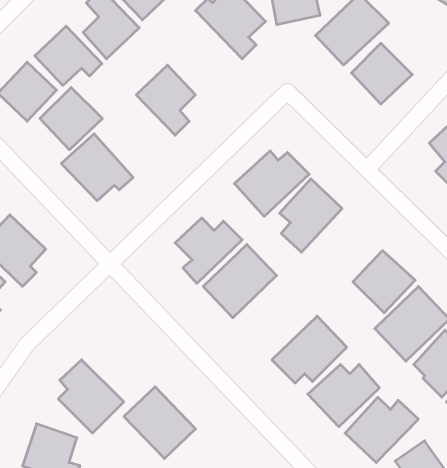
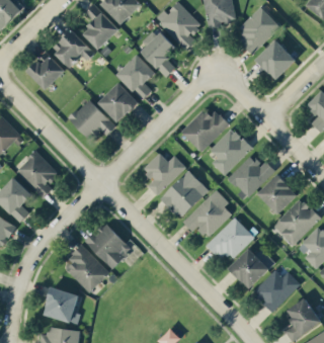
building: none -> [138,30,175,77]
building: [40,87,102,150] -> [98,82,139,122]
building: none -> [228,155,274,197]
building: none -> [182,189,231,237]
building: [124,387,196,459] -> [85,222,132,268]

